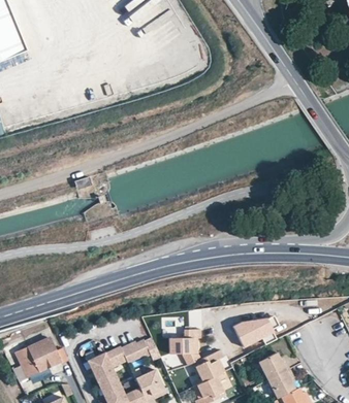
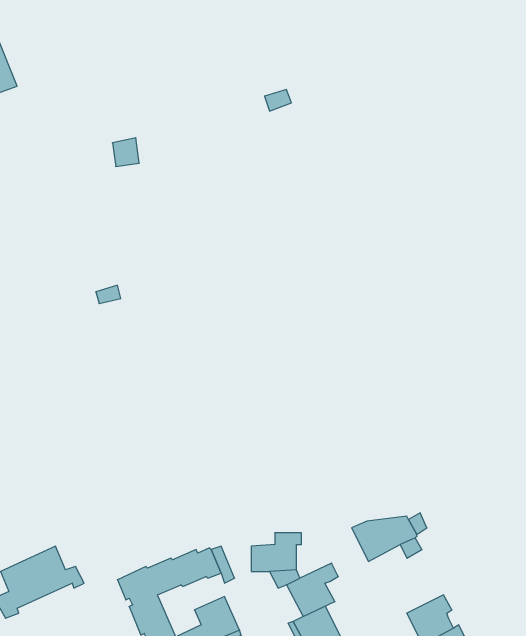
building: [258,351,290,379] -> none

